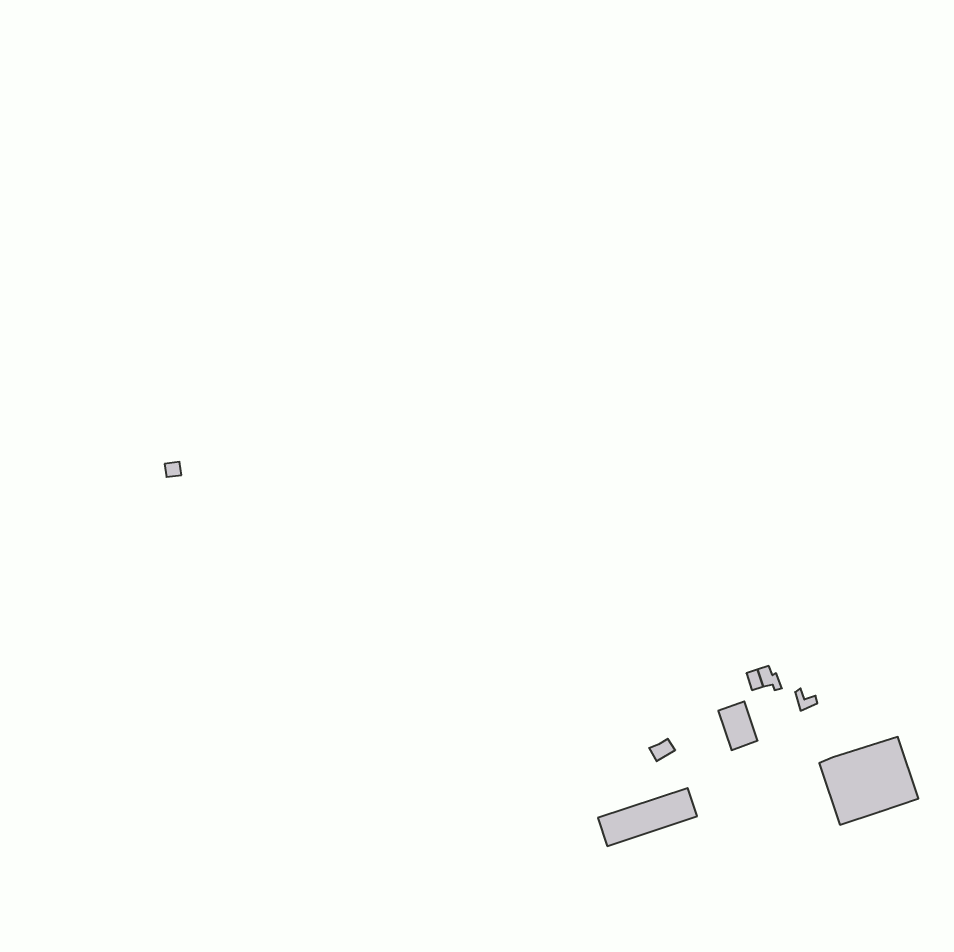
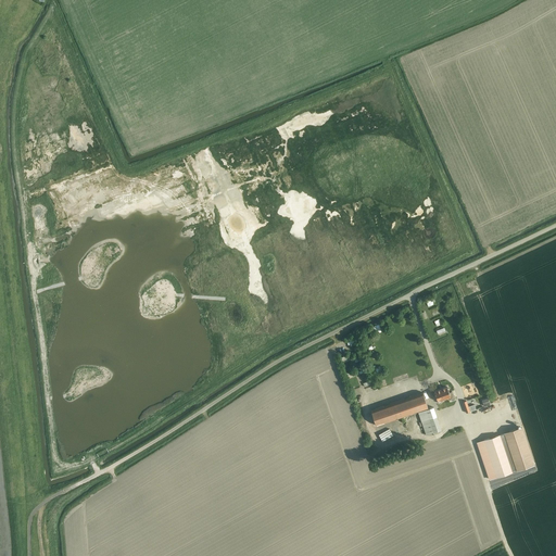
building: [598,788,697,846] -> [369,394,427,428]

